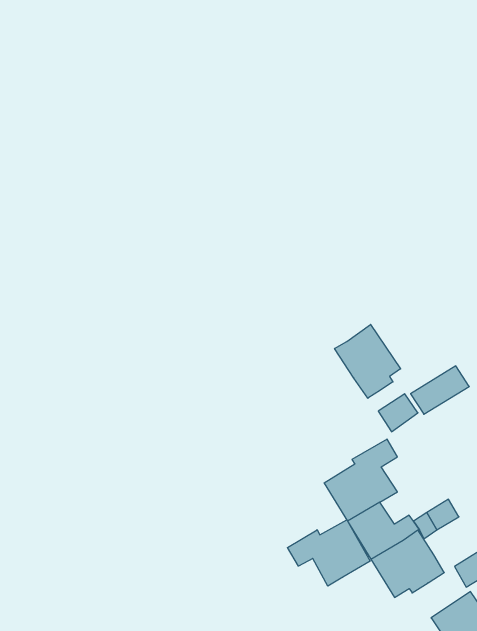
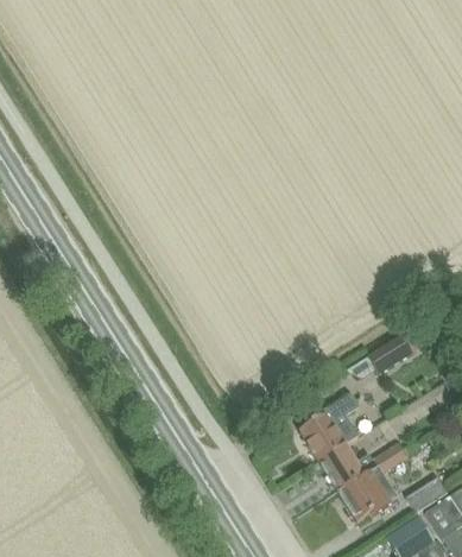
building: [335,324,401,398] -> none
building: [287,520,370,586] -> none

